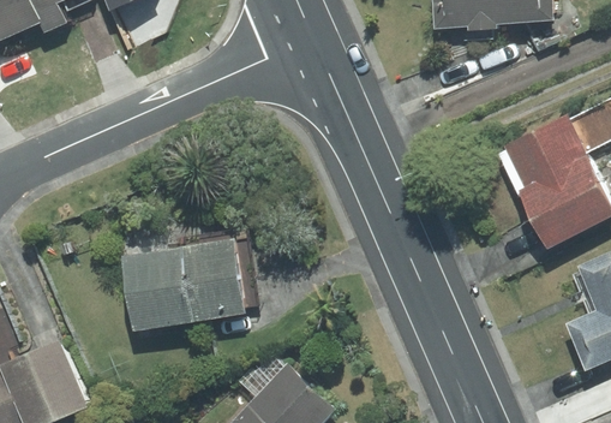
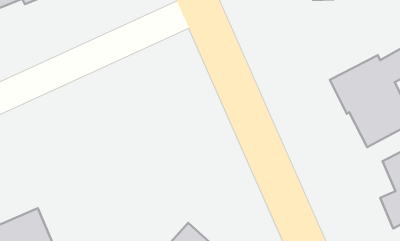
building: [128,237,253,327] -> none

